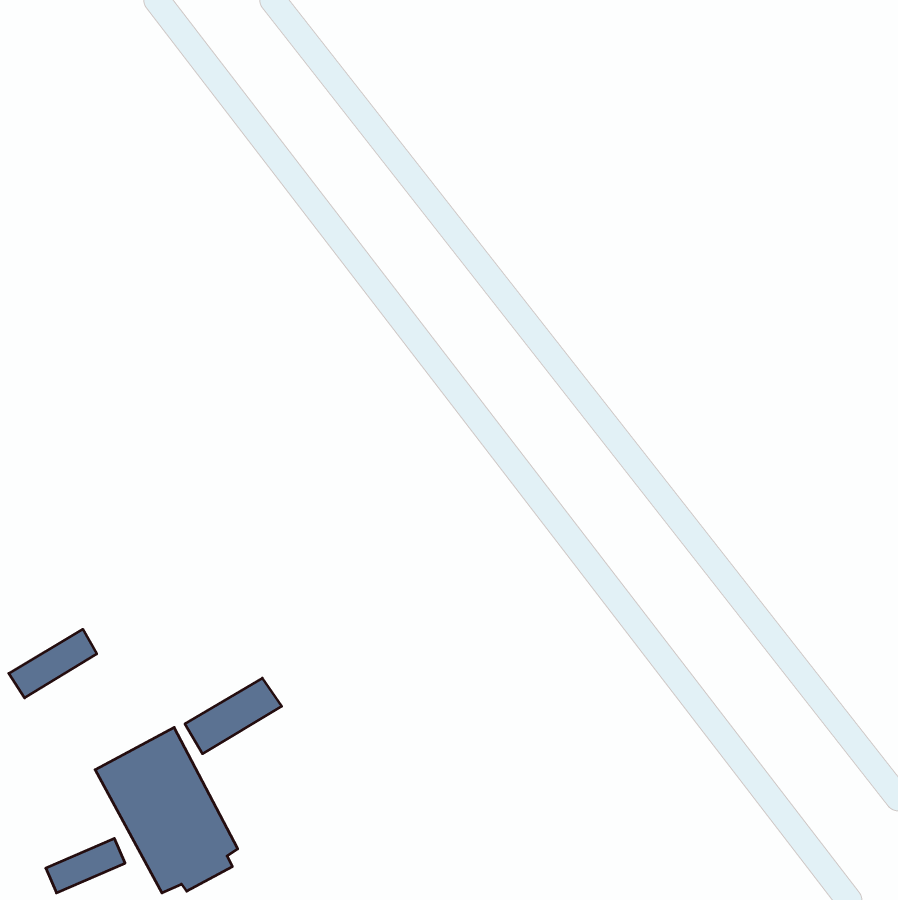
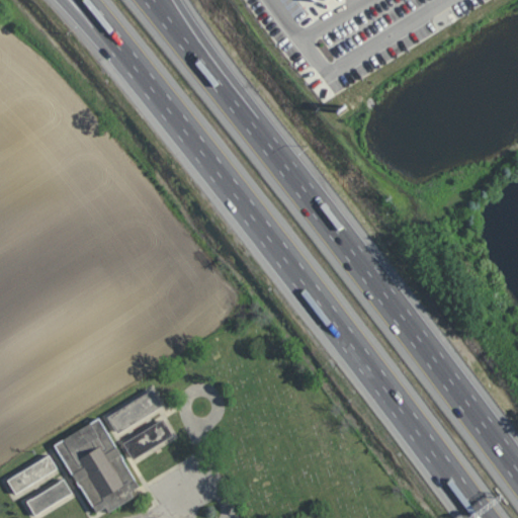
building: [9,629,97,698] -> [6,454,57,494]
building: none -> [122,421,172,457]

